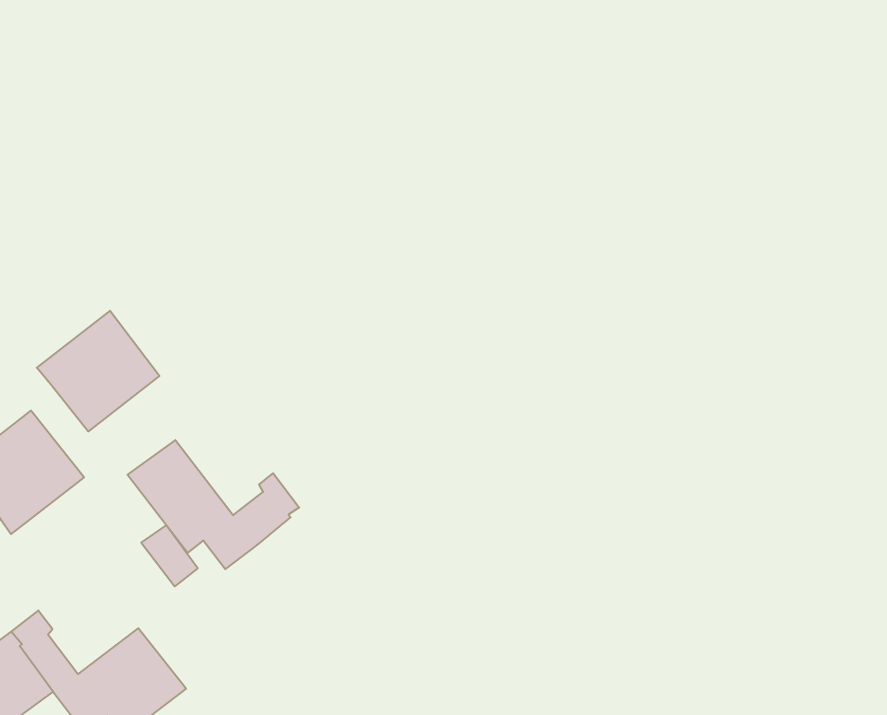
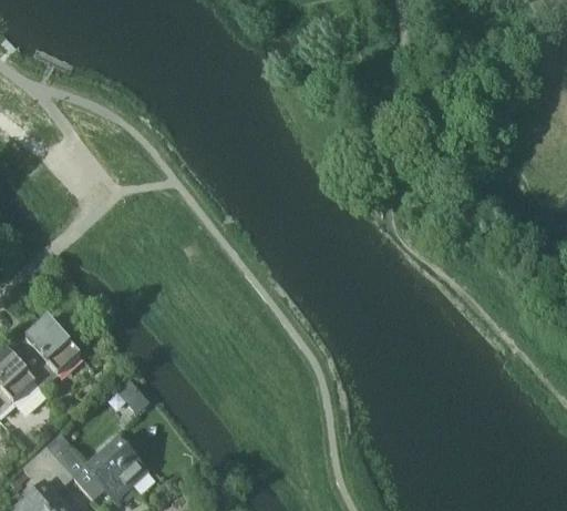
building: [37,311,159,431] -> none
building: [128,440,299,569] -> none

